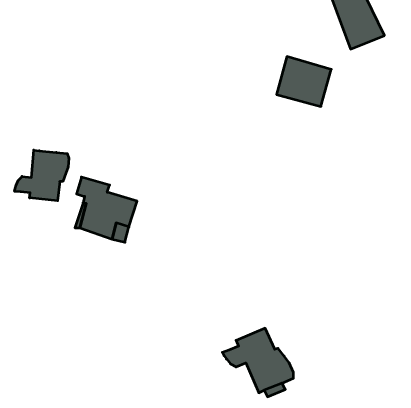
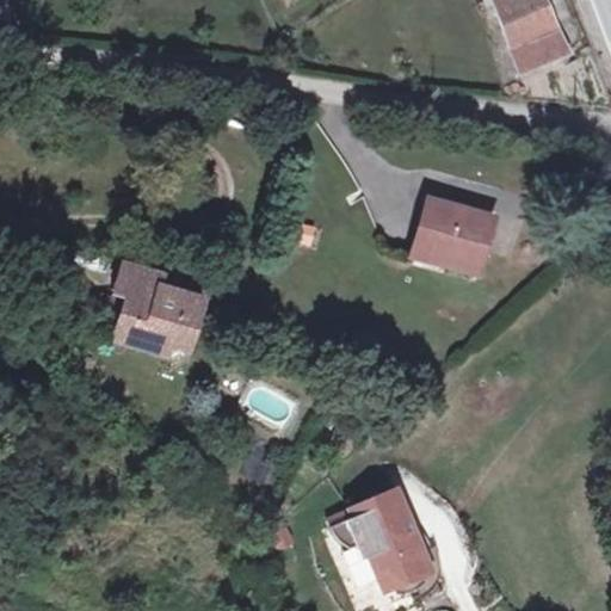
building: [277,57,331,106] -> [412,196,493,270]
building: [15,150,69,201] -> none

